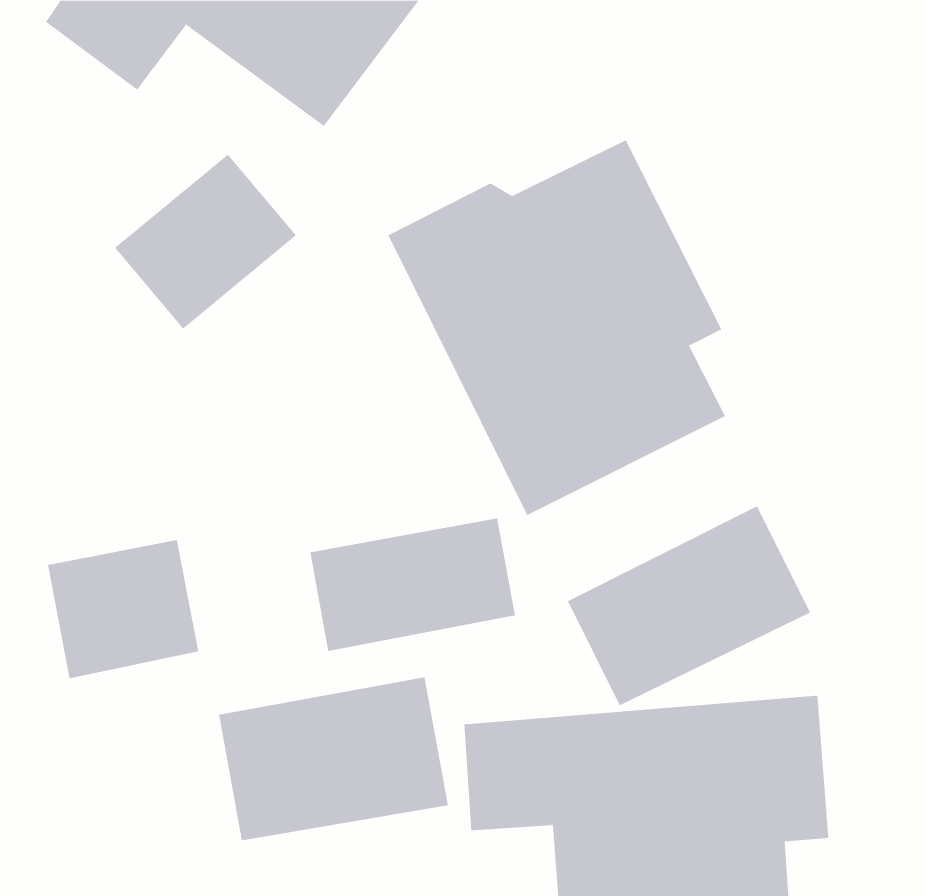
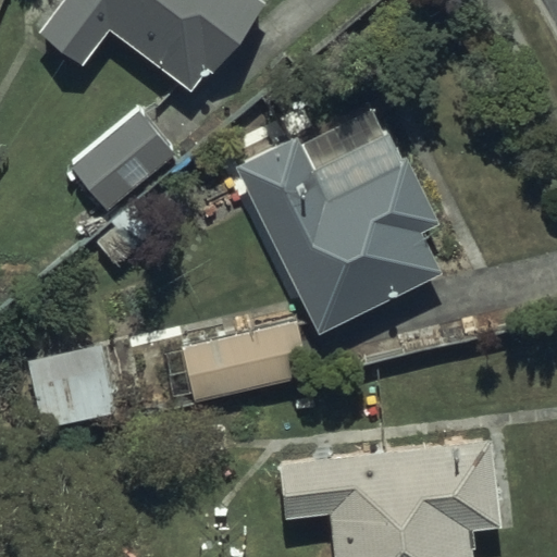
building: [567,506,811,706] -> none
building: [218,677,449,841] -> none

